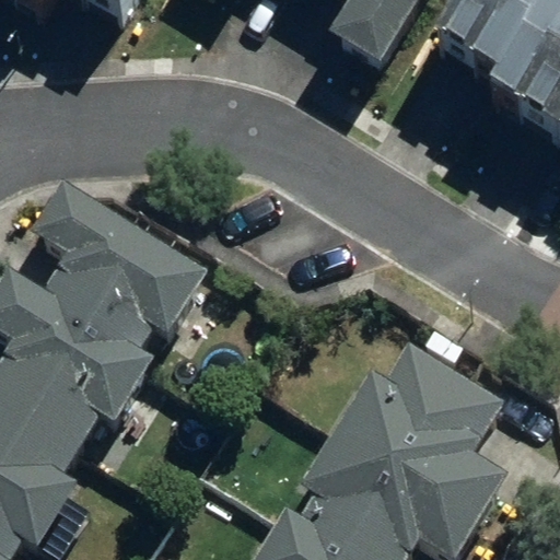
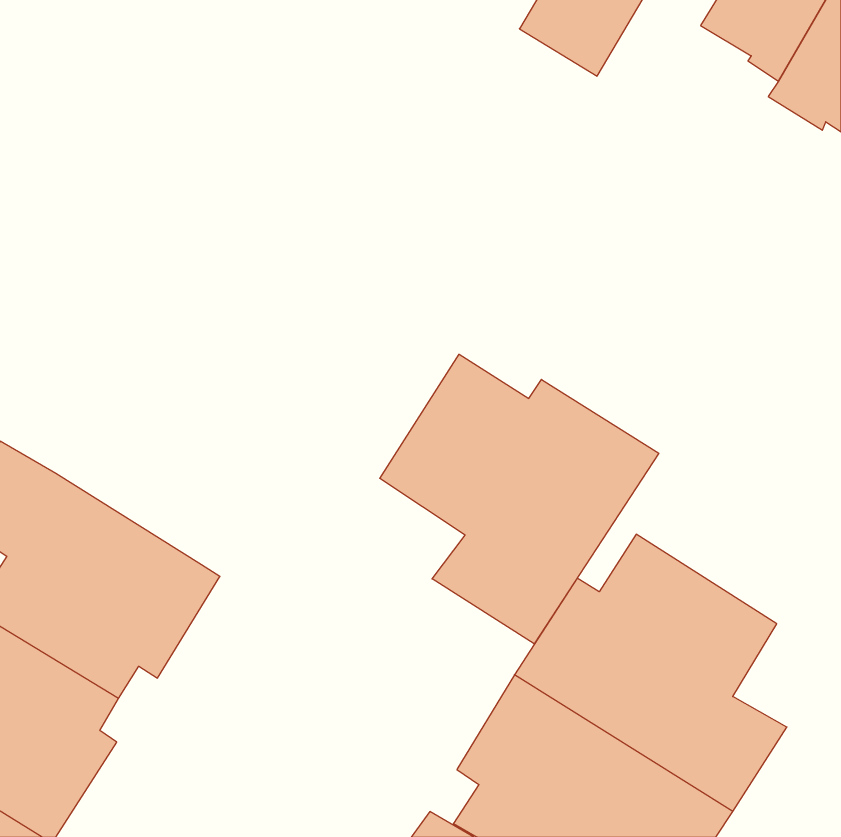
building: [24,197,196,365] -> none
building: none -> [380,354,659,644]

